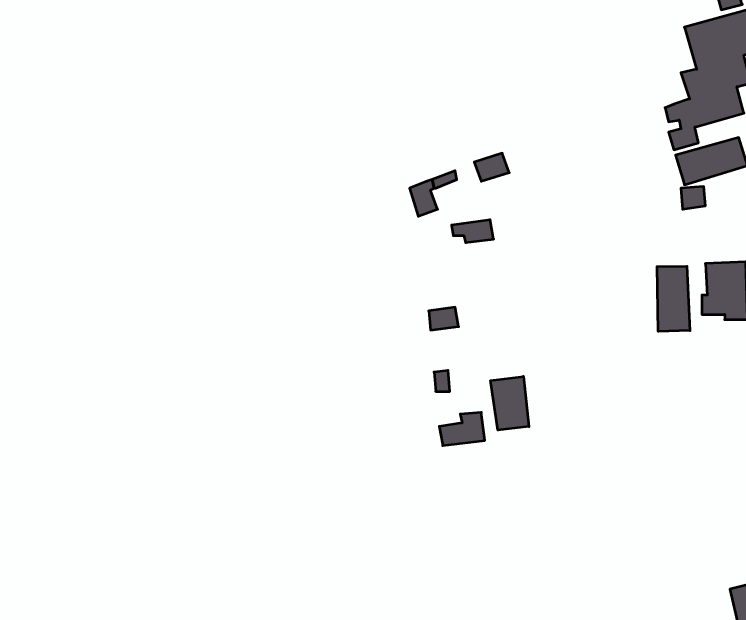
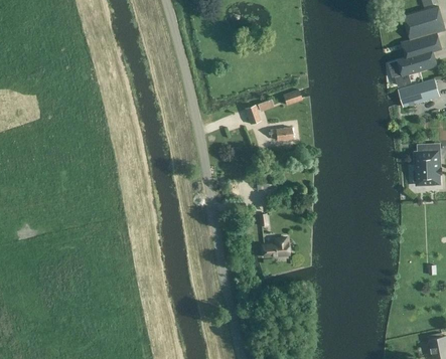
building: [657,266,690,331] -> none
building: [491,376,529,430] -> none

